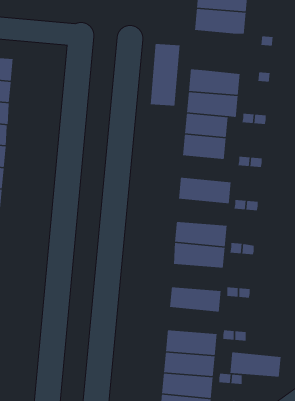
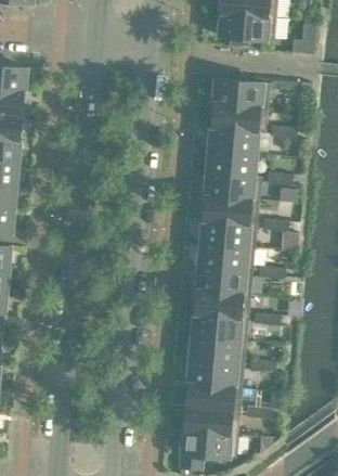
building: [150,43,180,107] -> none
building: none -> [204,172,261,201]
building: none -> [199,219,257,247]
building: none -> [194,290,250,318]
building: [229,352,282,378] -> [190,336,246,364]

